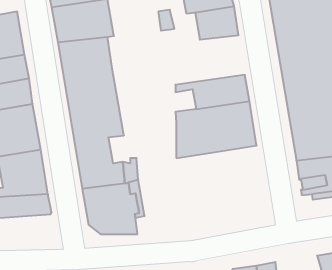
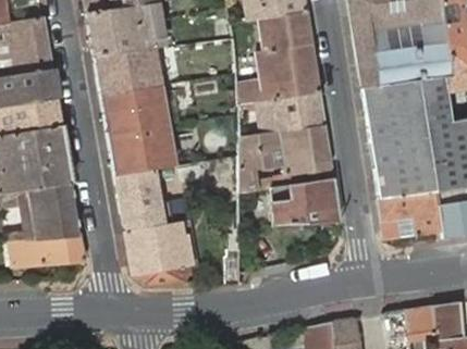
building: none -> [234,46,319,105]
building: none -> [272,178,341,226]

